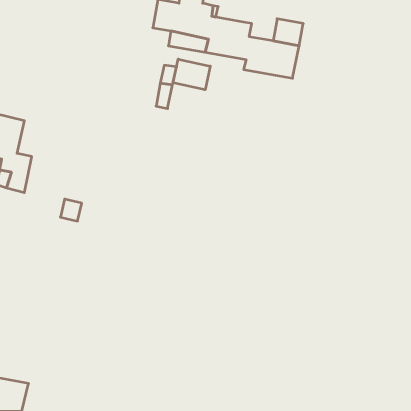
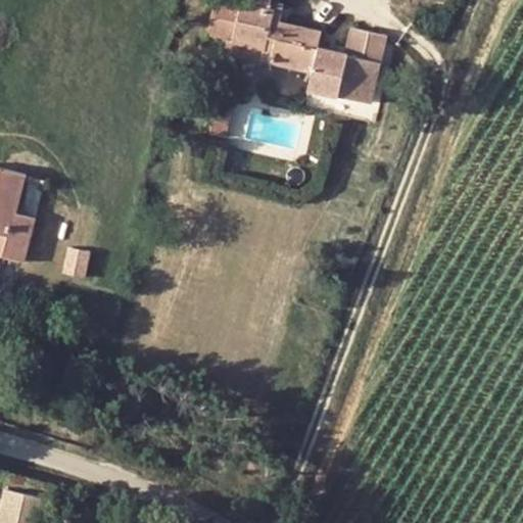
building: [173,59,210,90] -> none

